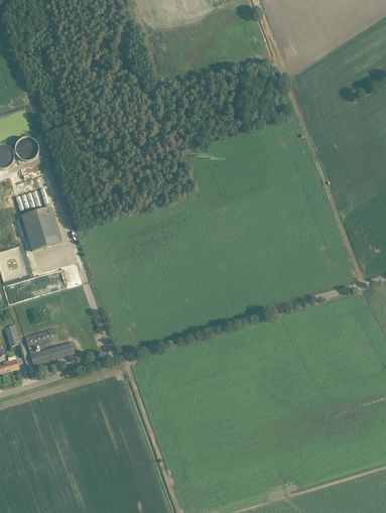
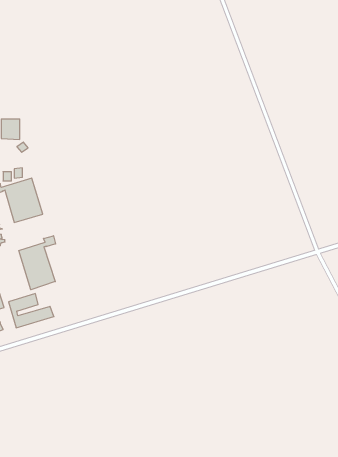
building: none -> [19,236,56,290]

